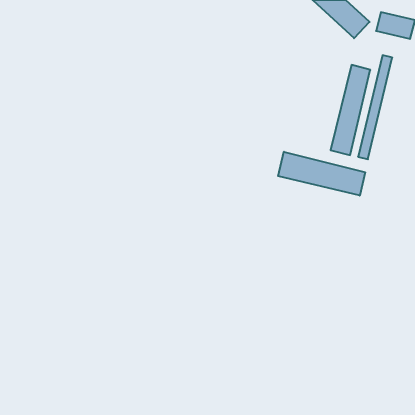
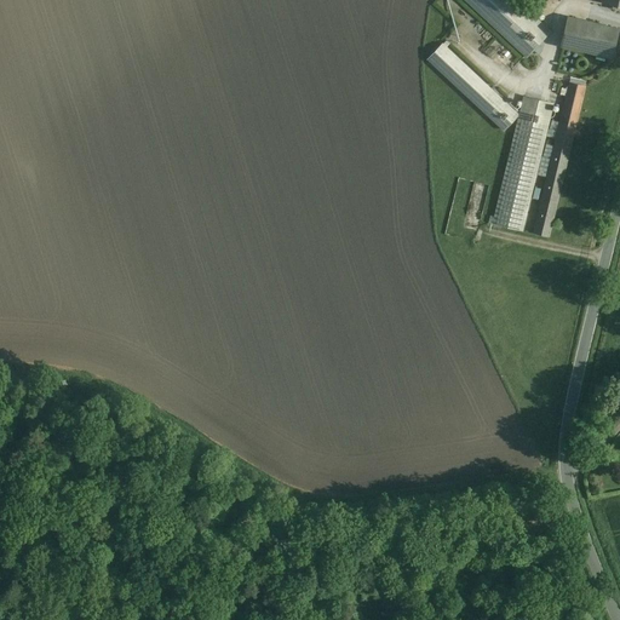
building: none -> [427,44,518,131]
building: [278,152,365,196] -> none

